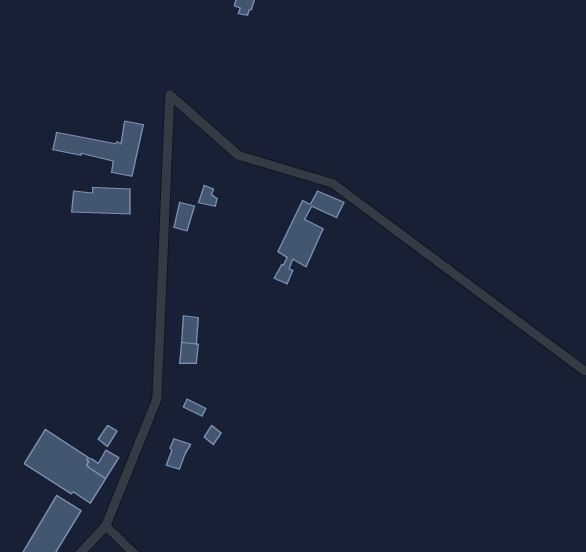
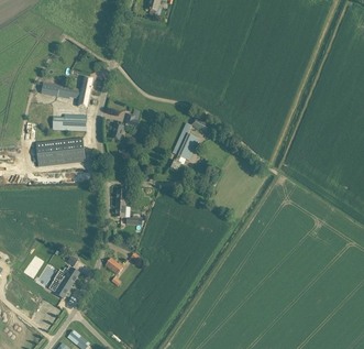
building: none -> [35,138,85,166]

